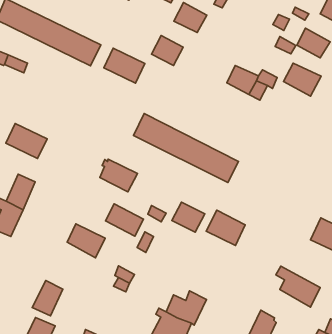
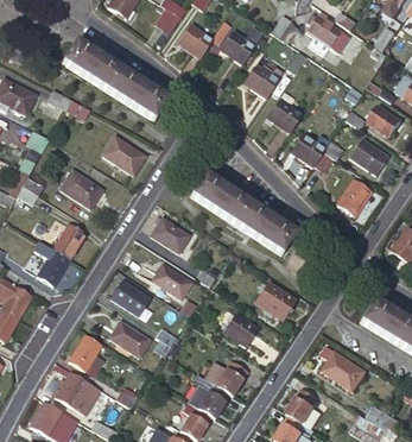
building: [152,36,183,66] -> [267,100,300,132]
building: [104,48,145,83] -> [102,137,145,175]
building: none -> [336,179,370,216]
building: [172,202,205,232] -> [223,314,258,346]
building: none -> [109,322,148,356]

